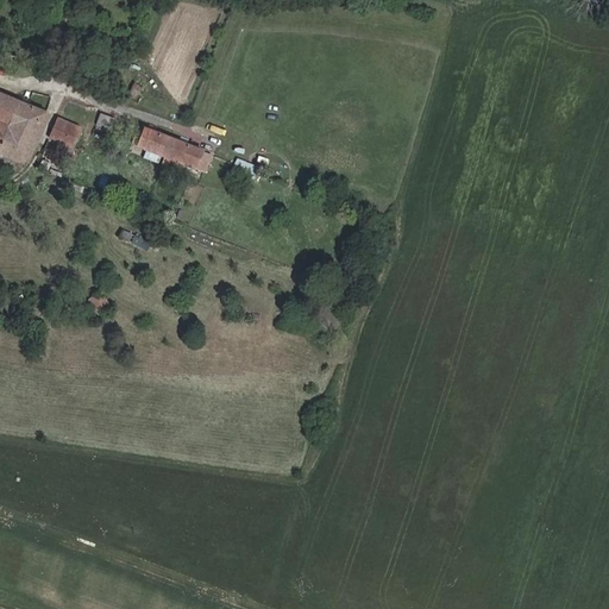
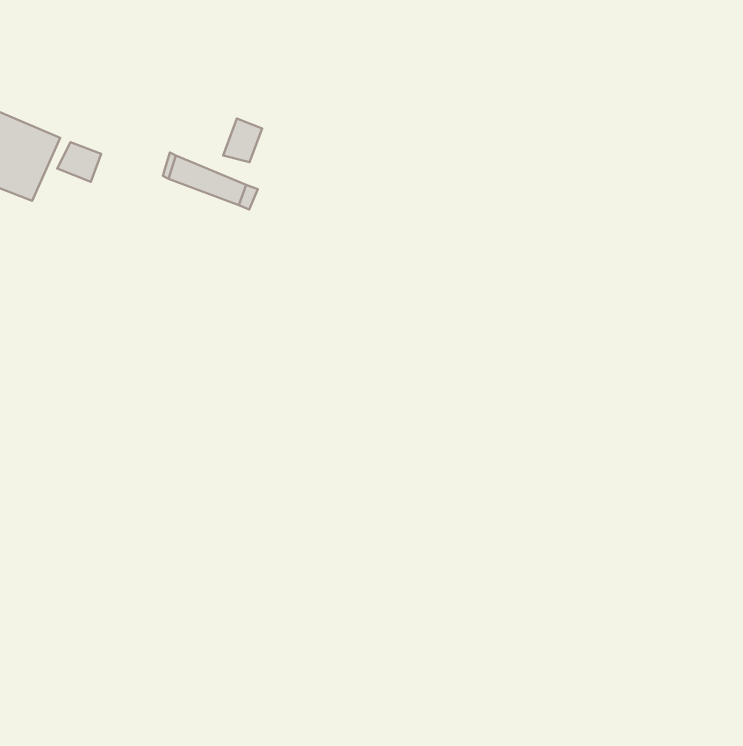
building: none -> [223,118,262,162]

